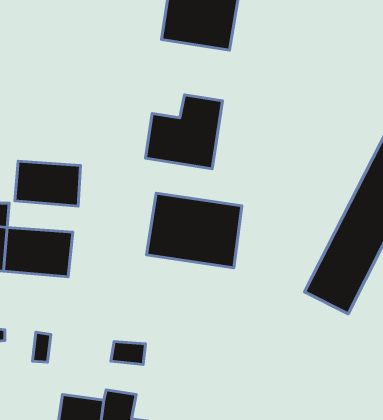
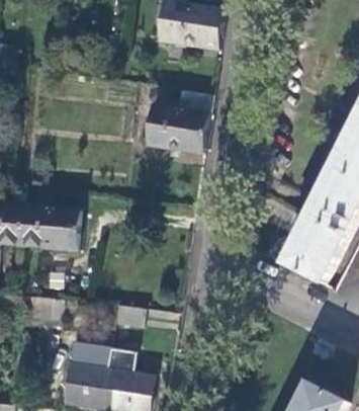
building: [15,161,80,206] -> none
building: [147,193,242,268] -> none

